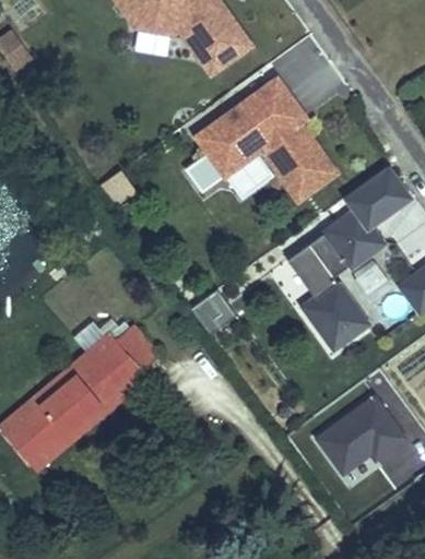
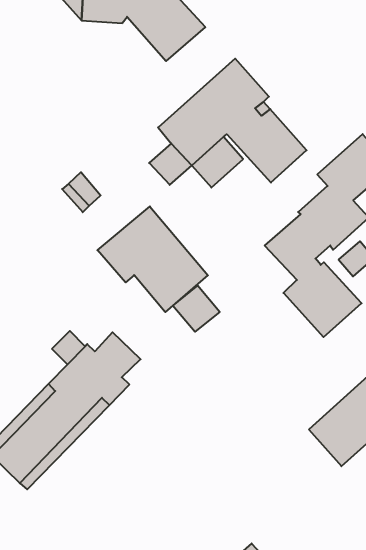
building: none -> [97,206,208,312]

